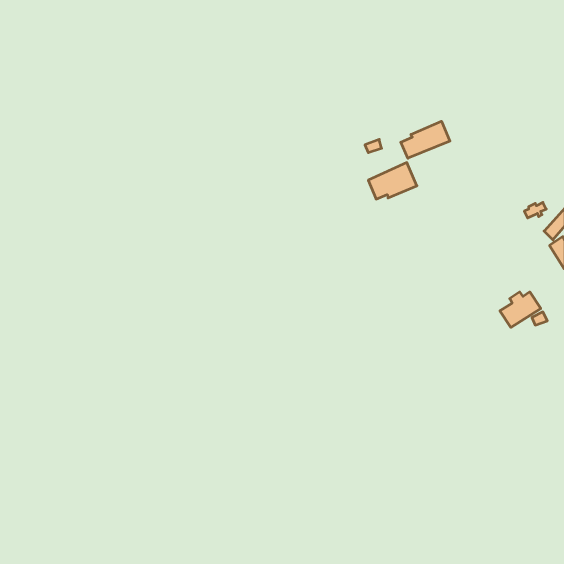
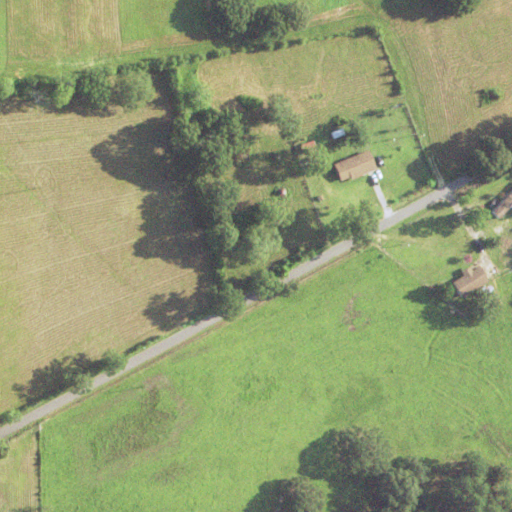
building: [401,121,450,158] -> none

